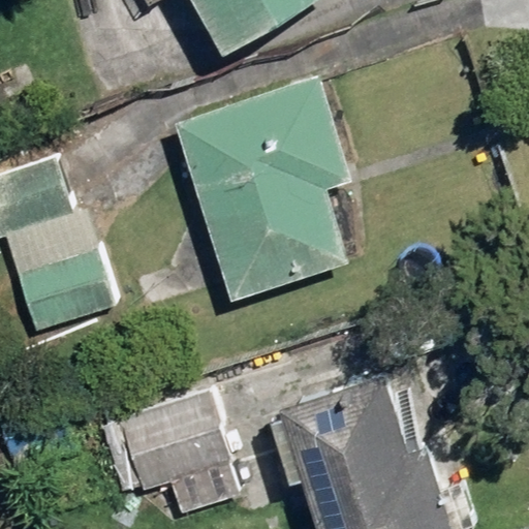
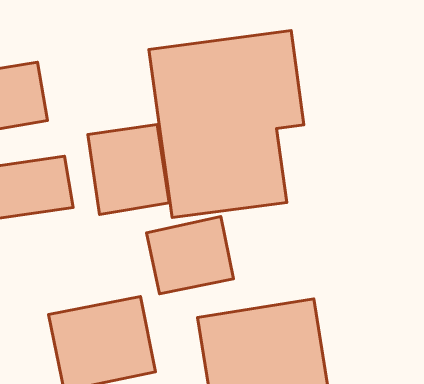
building: none -> [88,125,169,214]
building: none -> [147,217,234,294]

